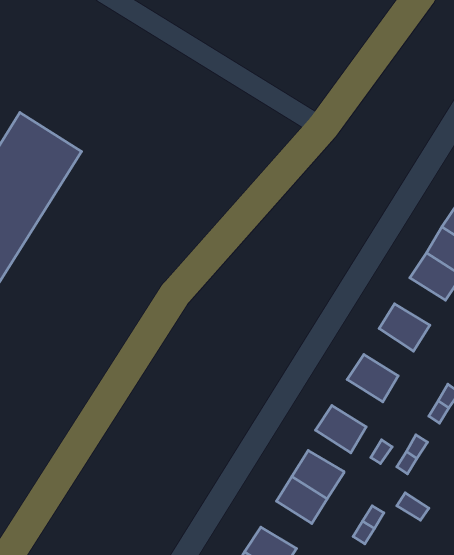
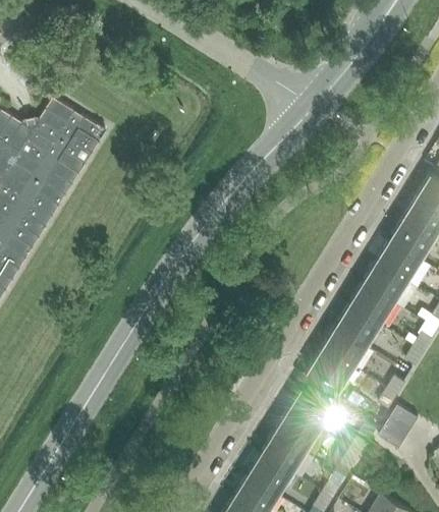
building: none -> [375,242,419,283]
building: none -> [348,286,391,327]
building: none -> [321,330,365,371]
building: none -> [384,407,417,441]
building: none -> [260,435,304,475]

